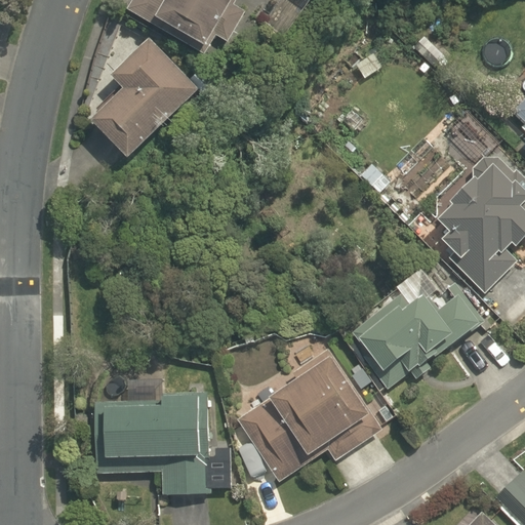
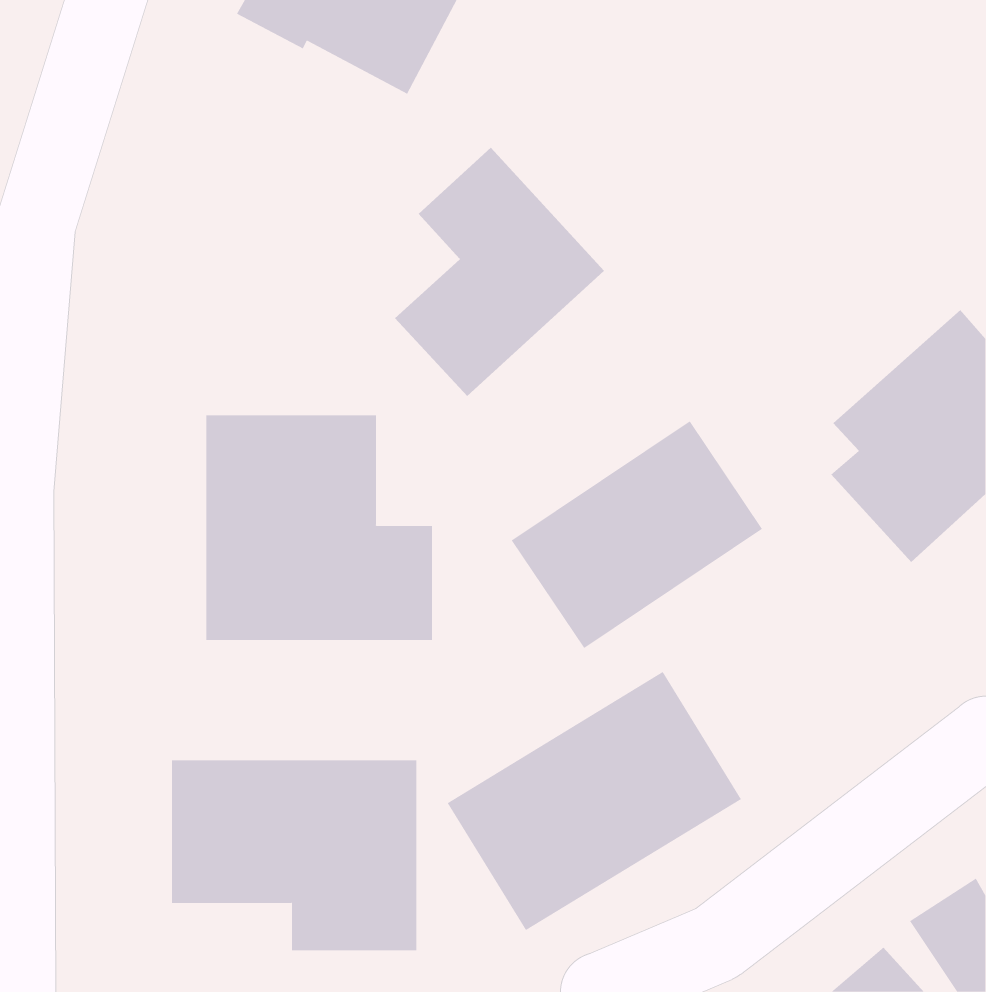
building: [98,33,208,163] -> [394,147,605,397]
building: none -> [206,415,433,641]
building: [349,269,480,388] -> [511,420,763,649]

